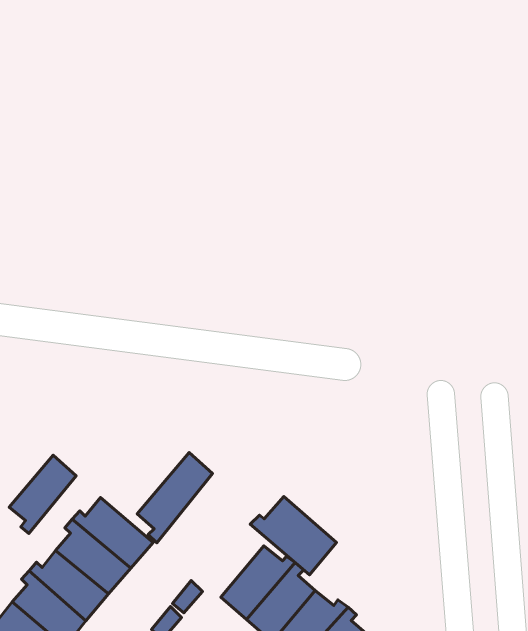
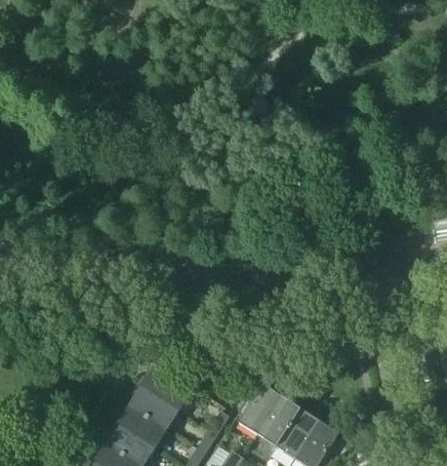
building: [137,453,213,543] -> none
building: [9,455,76,533] -> none
building: [250,497,337,575] -> none

